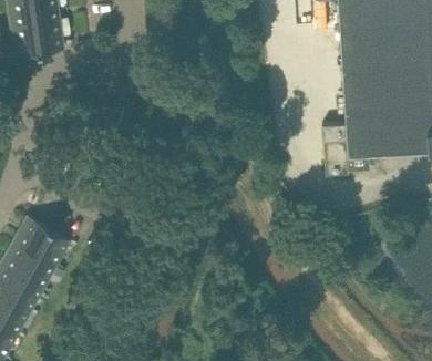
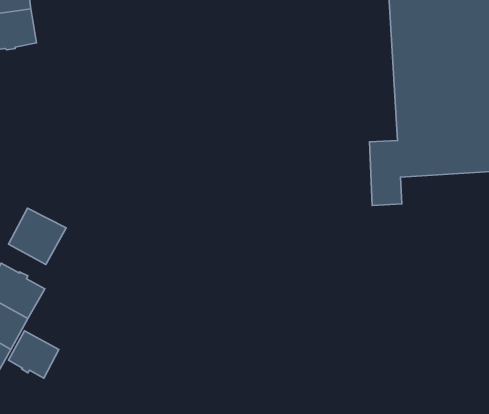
building: none -> [9,208,66,265]
building: none -> [8,331,59,378]

